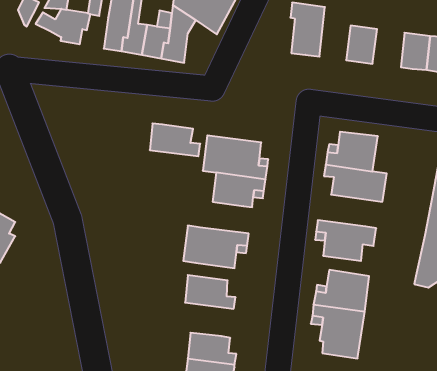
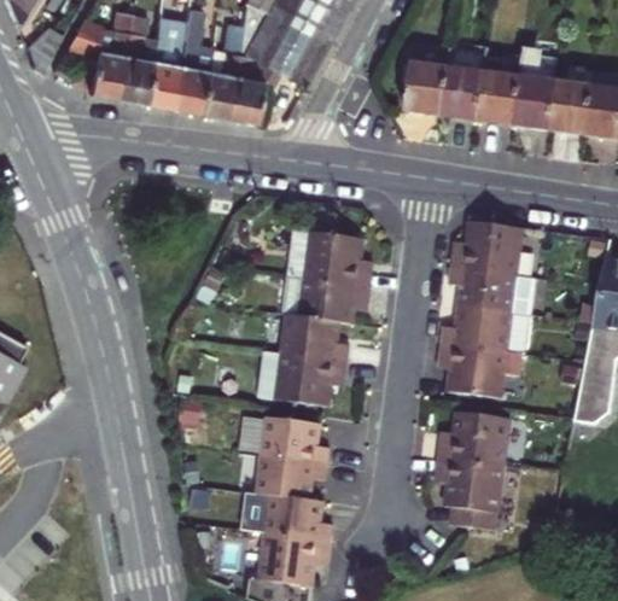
building: none -> [443,49,488,122]
building: none -> [515,57,562,132]
building: none -> [116,59,154,106]
building: [150,123,200,156] -> [280,314,349,358]
building: none -> [441,305,529,351]
building: none -> [255,453,326,498]

